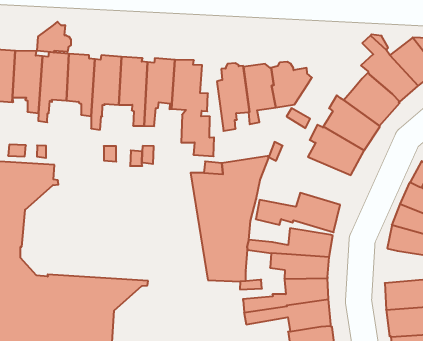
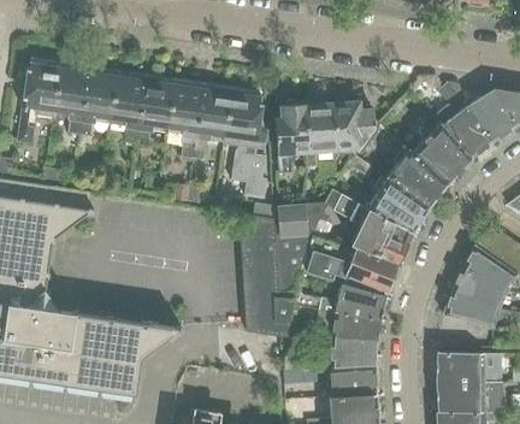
building: [37,22,71,53] -> none
building: none -> [348,201,412,264]

